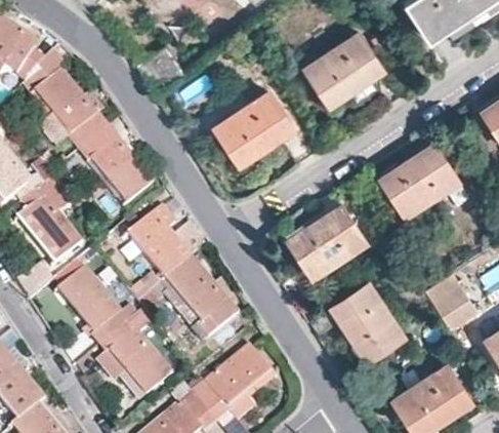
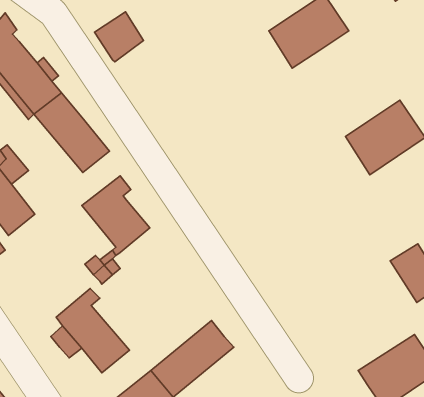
building: [213,93,292,167] -> none
building: [287,206,366,279] -> none
building: [163,259,239,339] -> none
building: [57,270,134,345] -> none
building: [332,279,404,357] -> none

